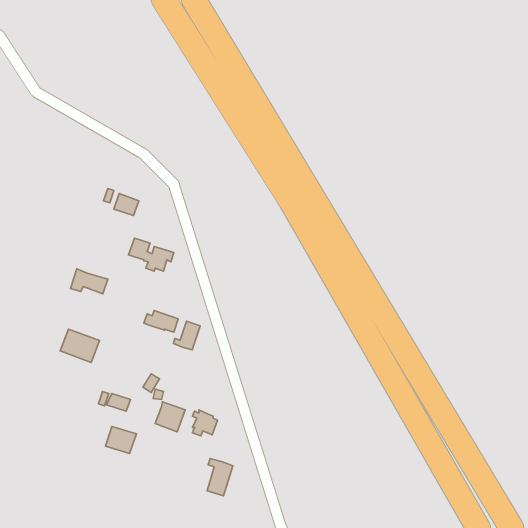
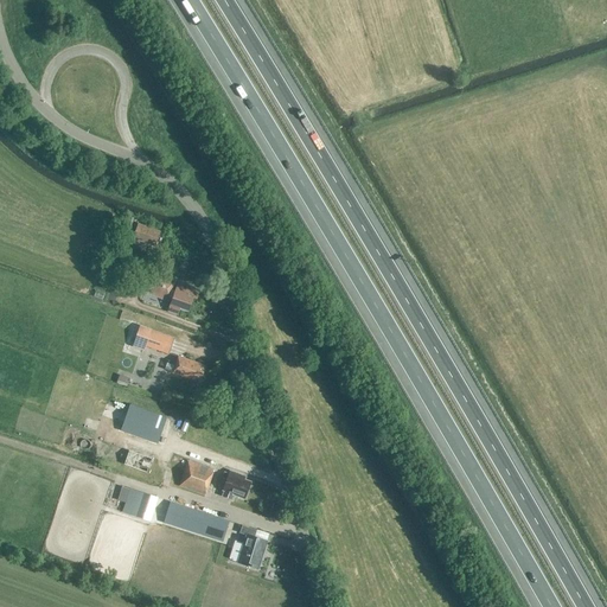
building: [71,269,108,294] -> [130,325,173,353]
building: [173,321,200,350] -> none
building: [60,329,99,362] -> [120,404,165,442]
building: none -> [162,501,226,541]

